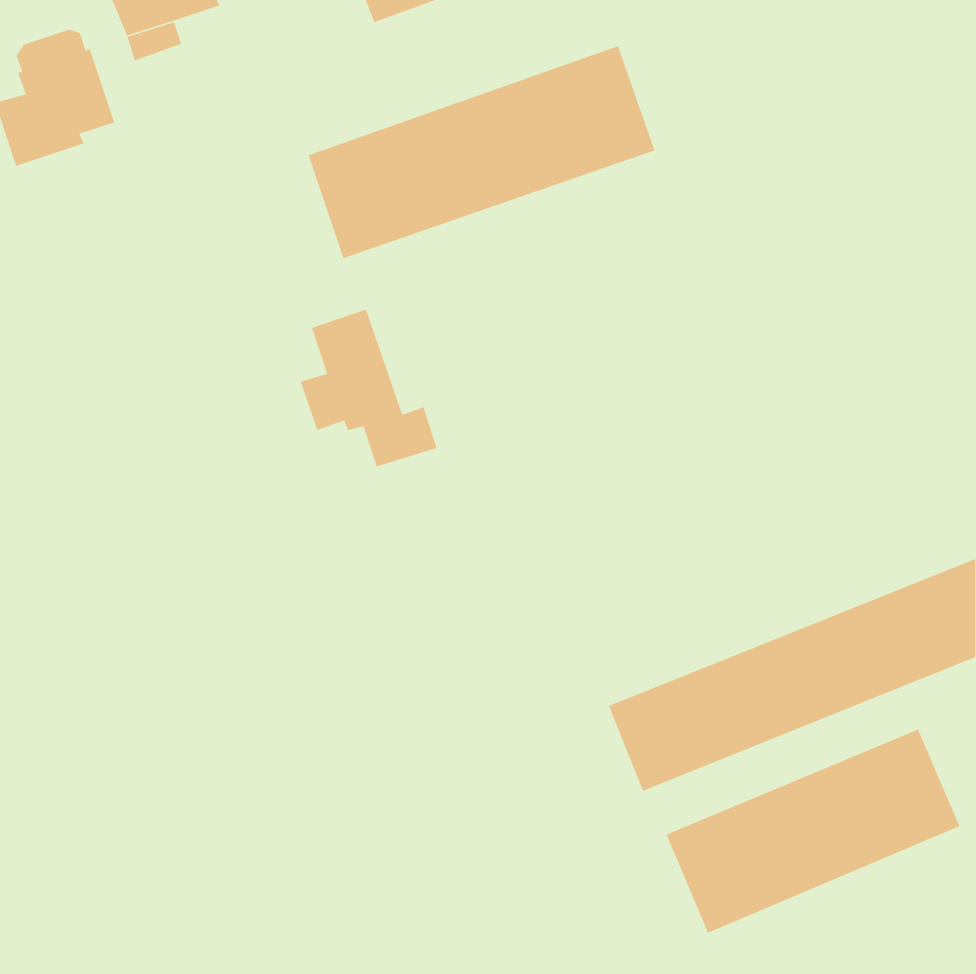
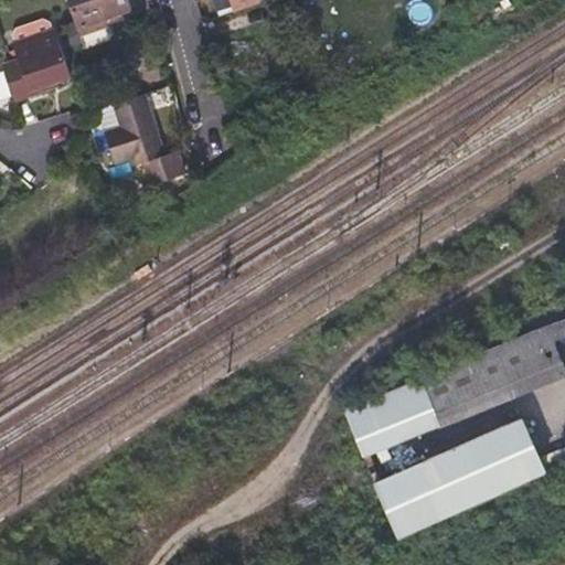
building: [307,45,655,259] -> none
building: [299,308,438,468] -> [102,86,181,178]

